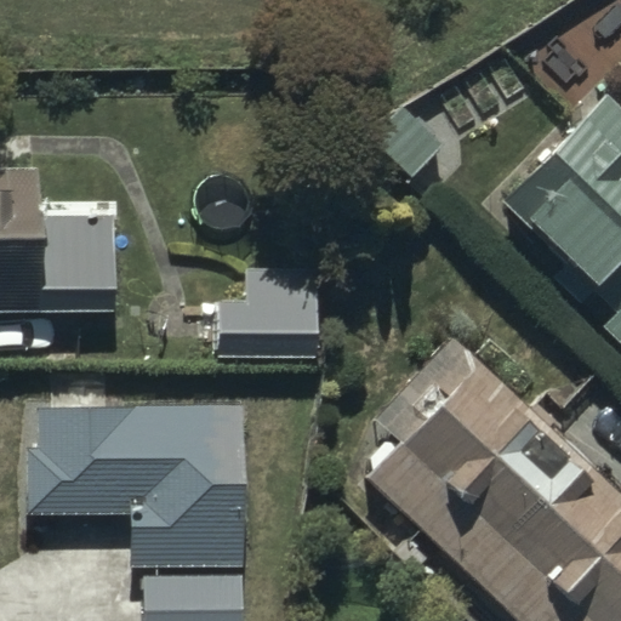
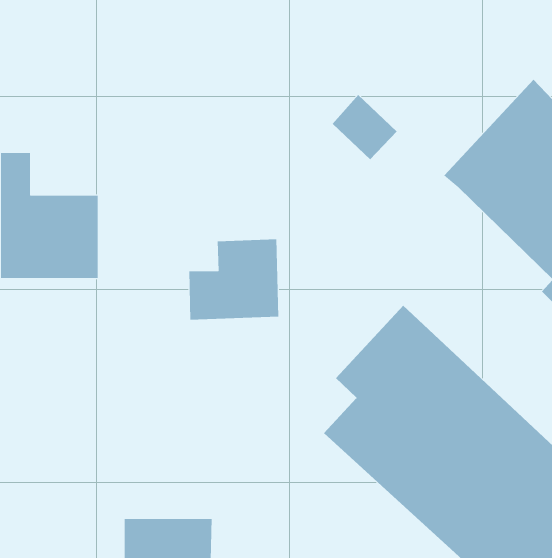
building: [27,394,244,569] -> none

